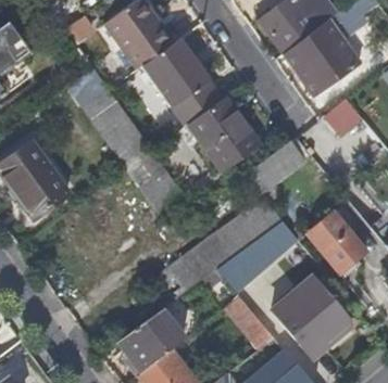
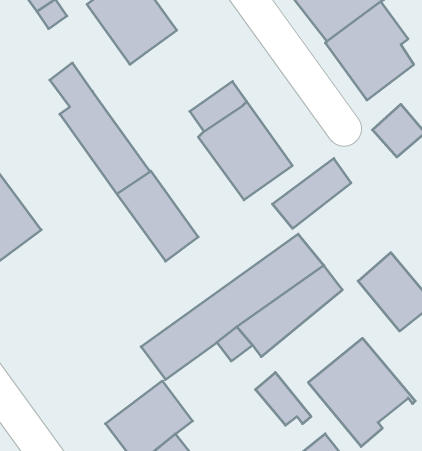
building: [148,27,217,80] -> none

